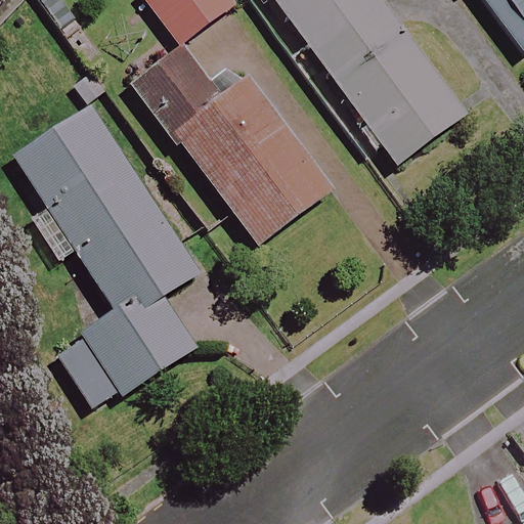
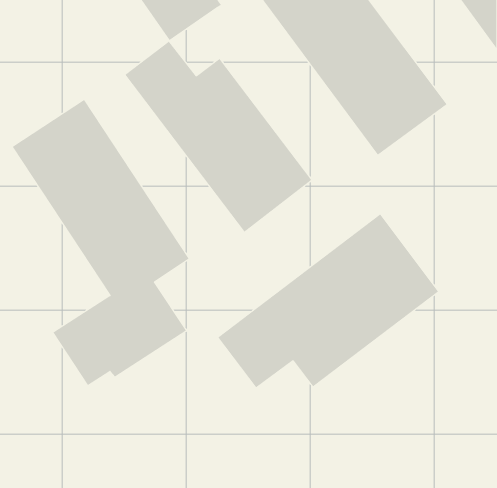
building: none -> [218,214,439,388]

